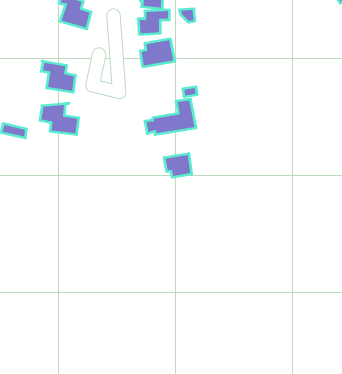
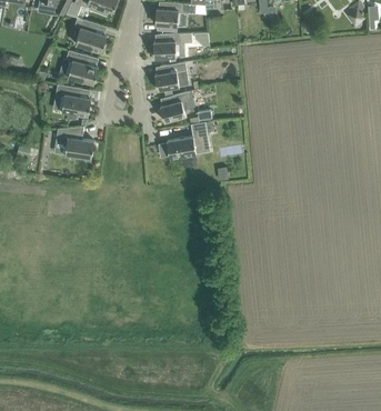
building: none -> [66,50,98,83]
building: none -> [159,91,192,122]
building: [164,153,192,177] -> none

